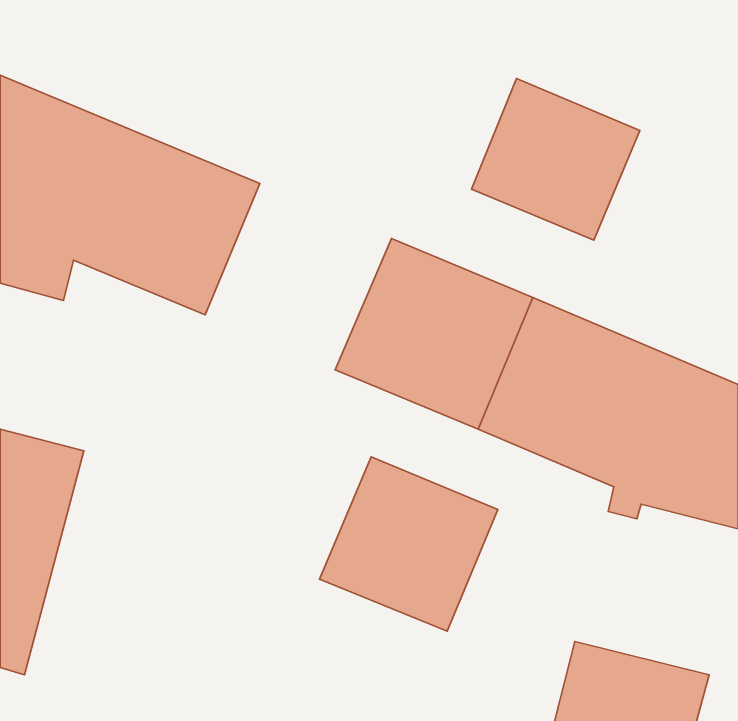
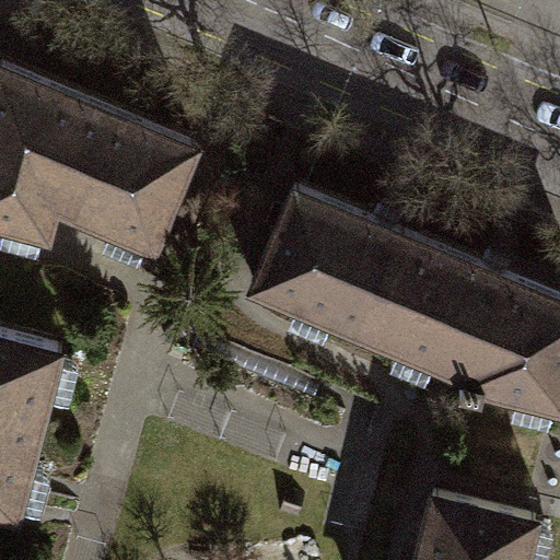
building: [471,78,640,240] -> none
building: [319,457,498,631] -> none

